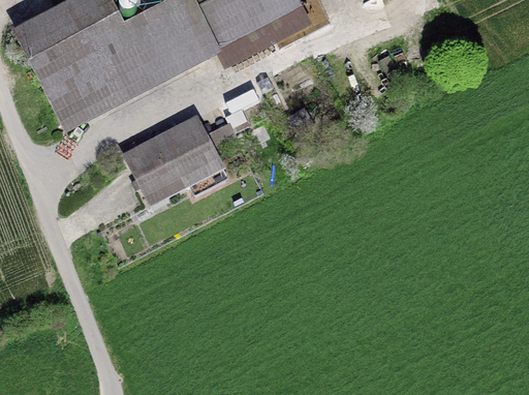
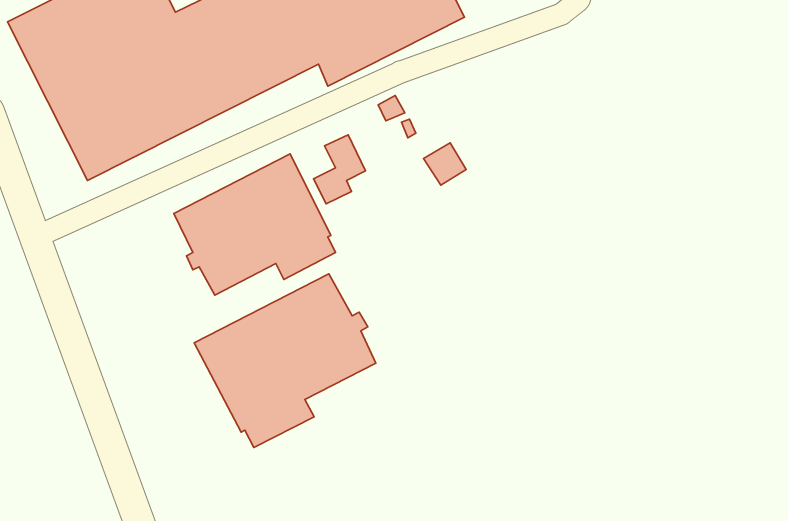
building: none -> [194,274,376,447]

